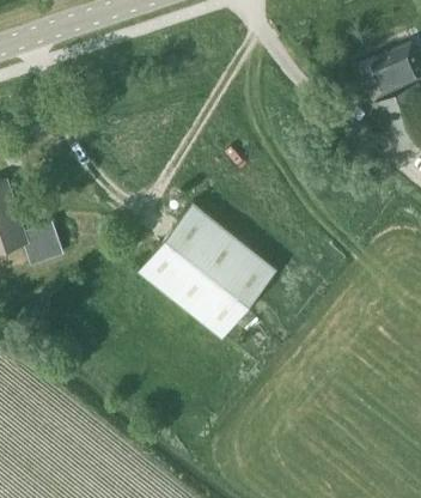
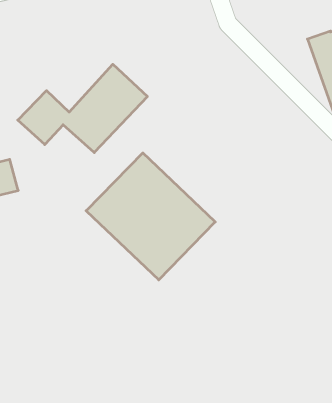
building: none -> [18,64,147,153]

